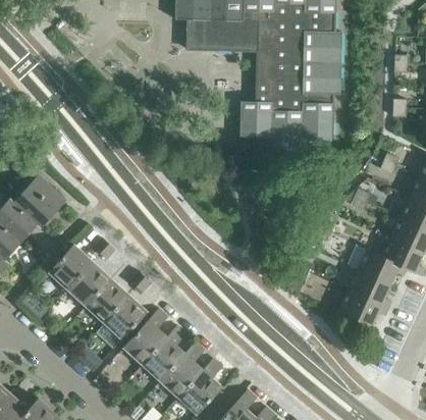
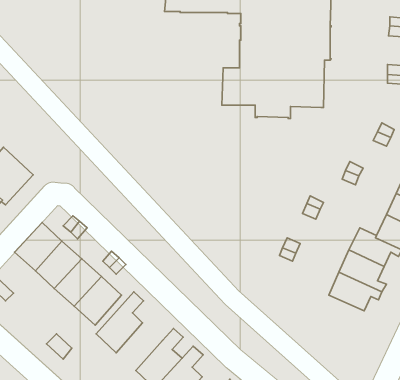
building: [142,326,185,381] -> none

